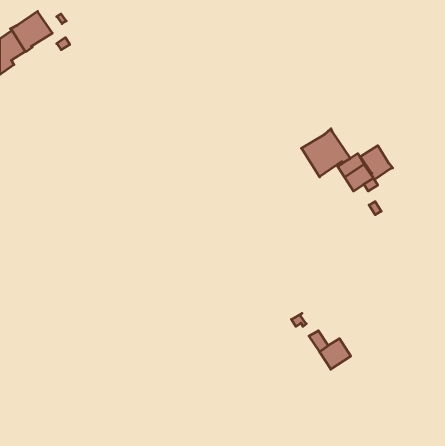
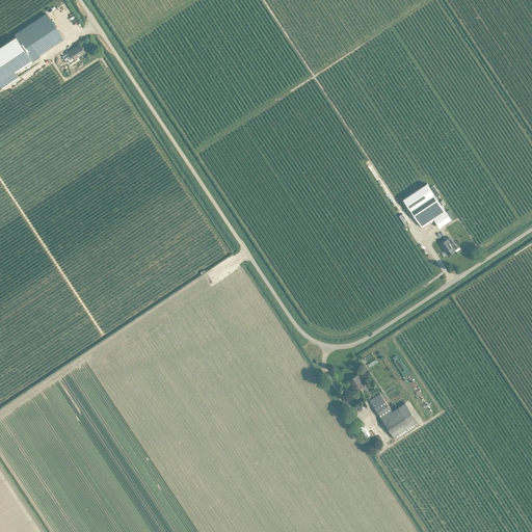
building: [301,129,350,177] -> none
building: [360,146,393,179] -> none

